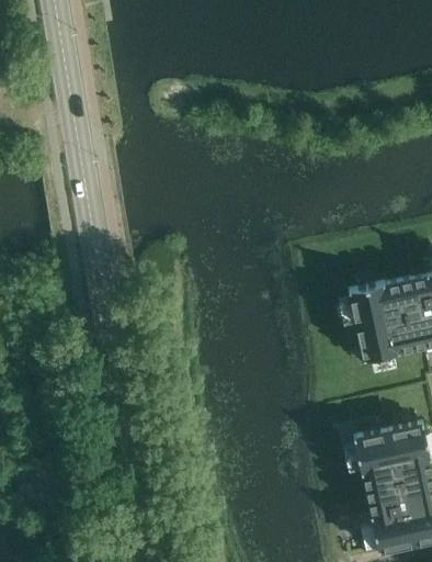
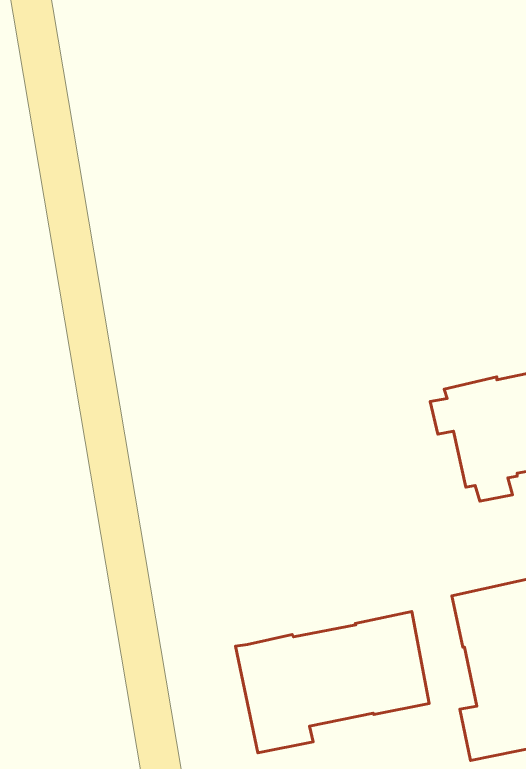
building: none -> [235,612,429,753]

